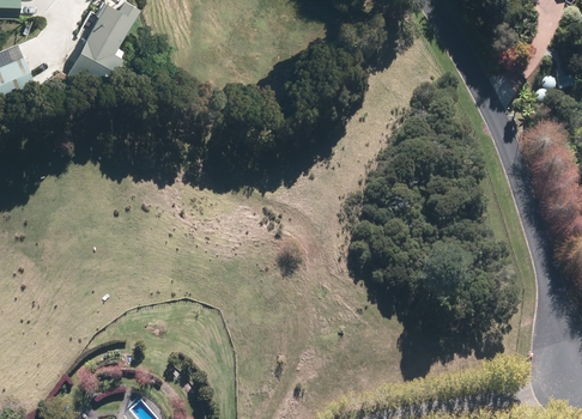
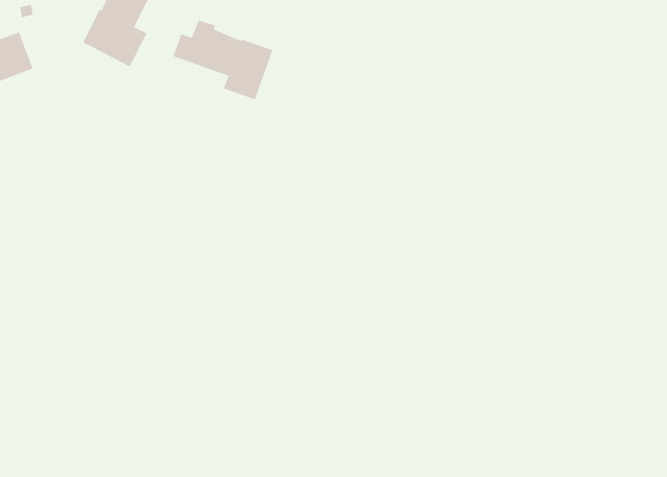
building: none -> [173,20,273,100]

